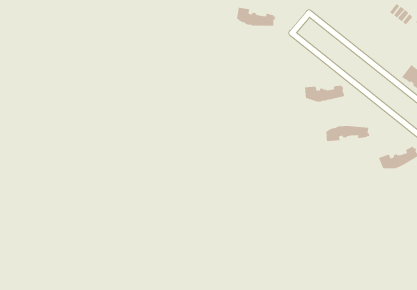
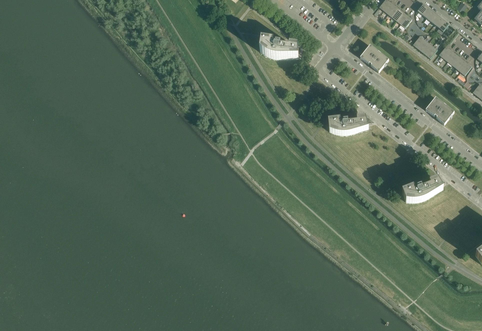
building: none -> [360,44,389,72]
building: [326,125,370,142] -> none

